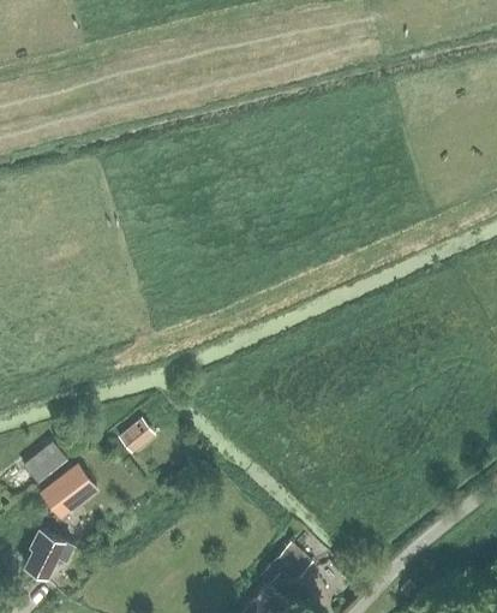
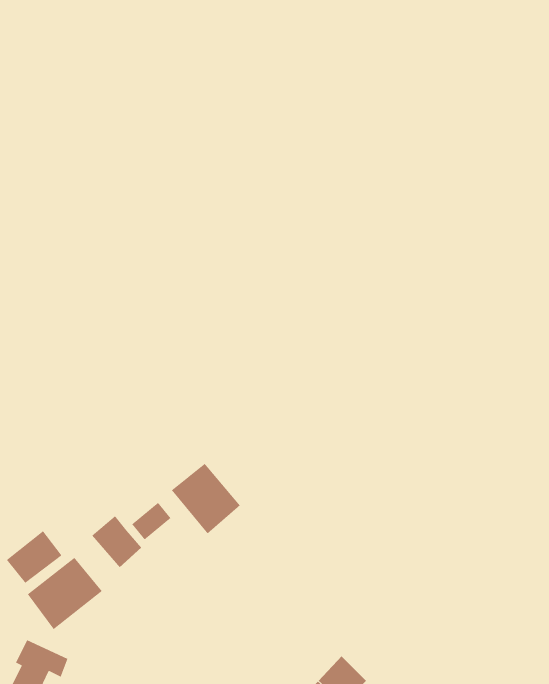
building: none -> [171,463,241,534]
building: none -> [91,515,142,568]

